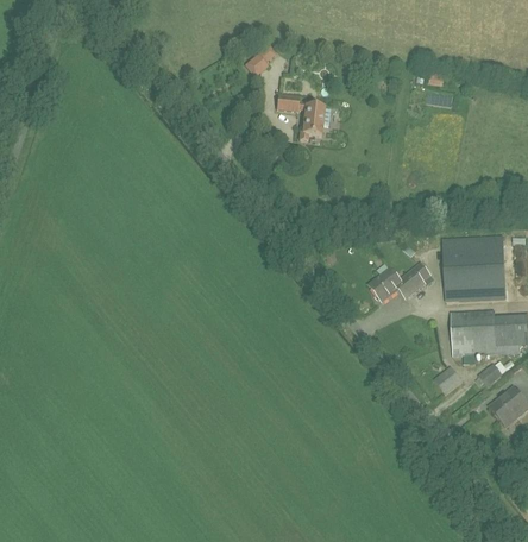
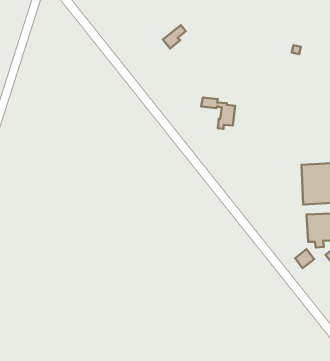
building: [276,94,325,139] -> [201,97,235,129]
building: [369,261,430,300] -> none

